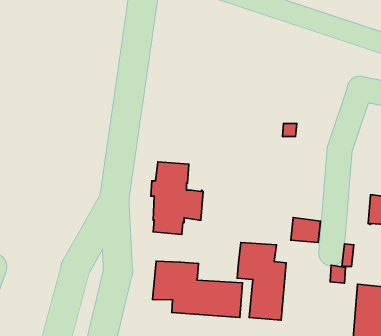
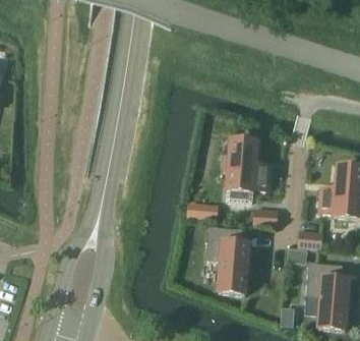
building: [151,162,203,234] -> [225,139,269,202]
building: [153,261,243,317] -> none

